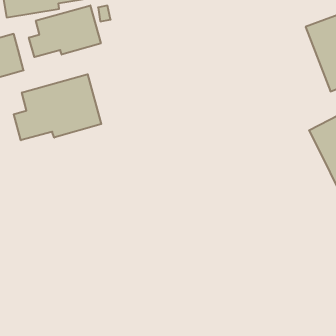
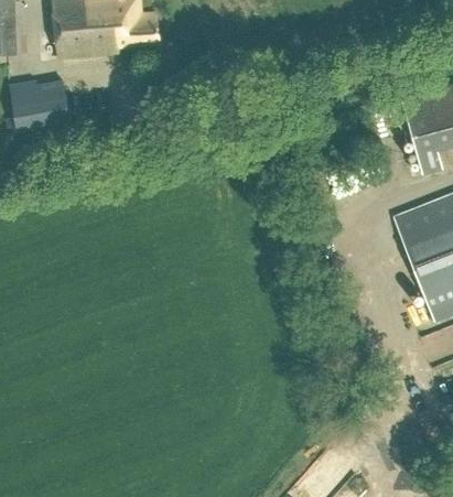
building: [29,5,101,57] -> none
building: [14,74,101,140] -> none

